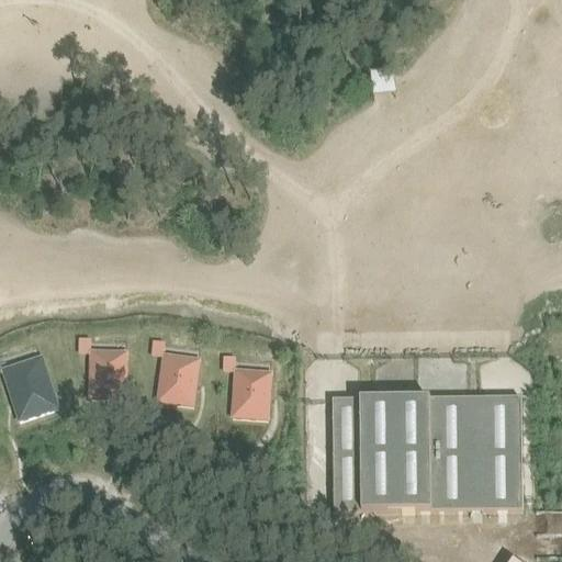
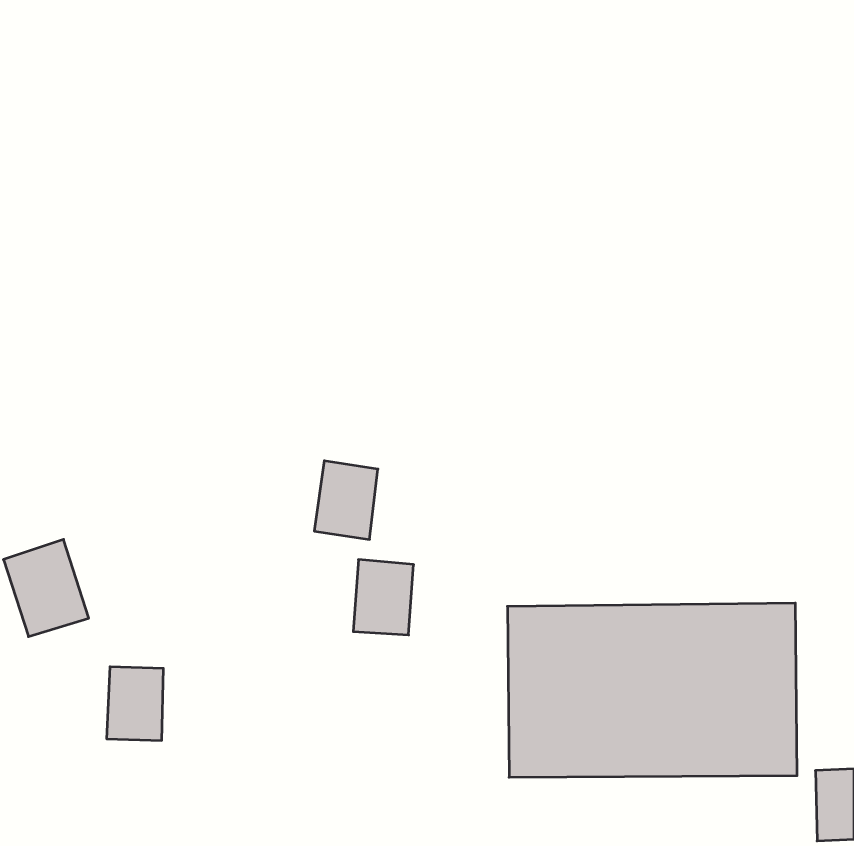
building: [89,348,126,396] -> [107,667,163,740]
building: [157,351,199,403] -> [314,461,378,539]

